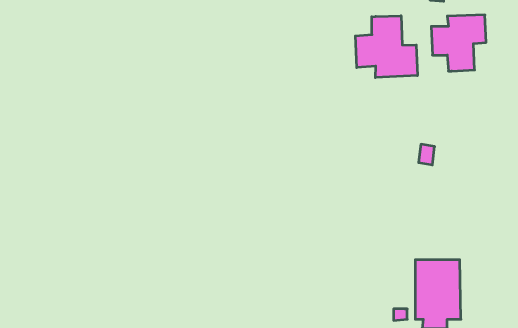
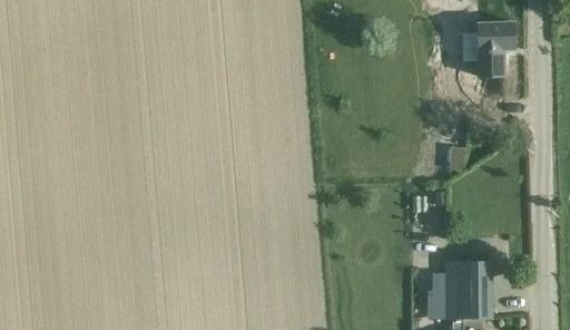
building: [355,16,417,78] -> none

